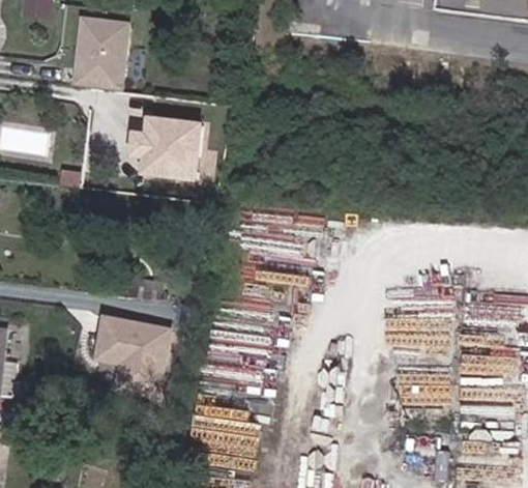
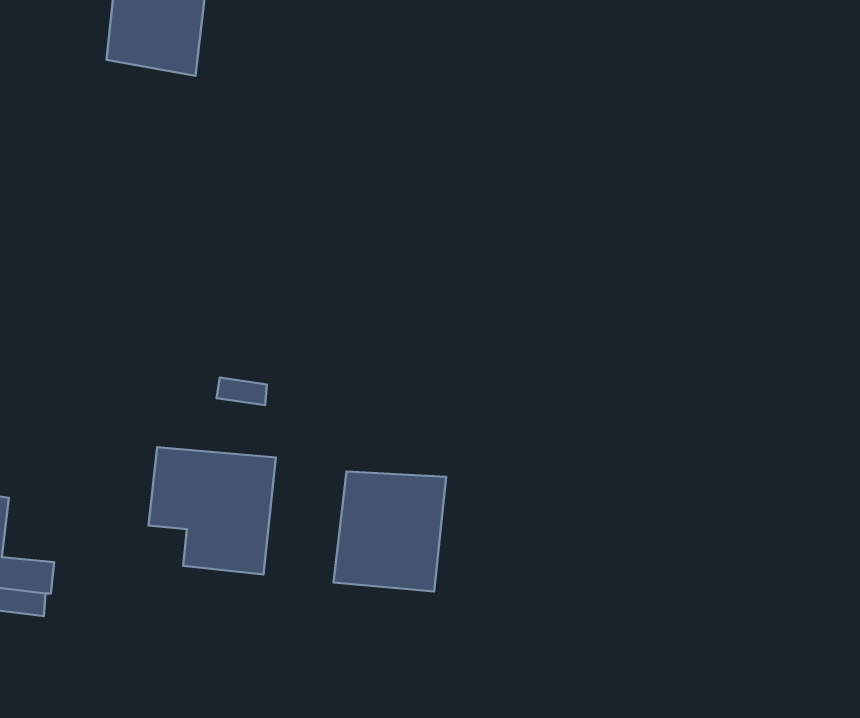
building: [126,116,193,177] -> none
building: none -> [333,472,446,591]

